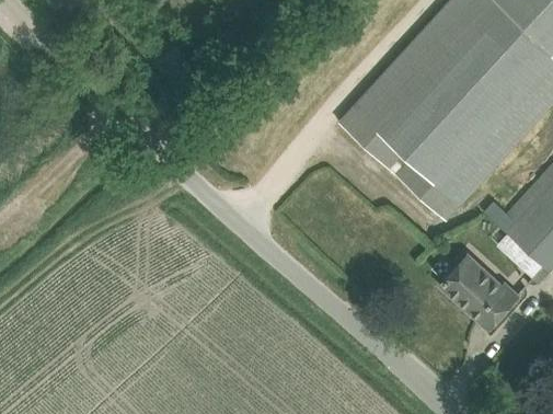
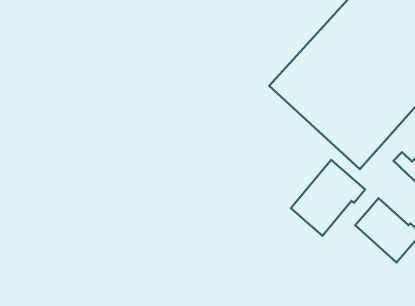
building: none -> [291,160,365,236]

